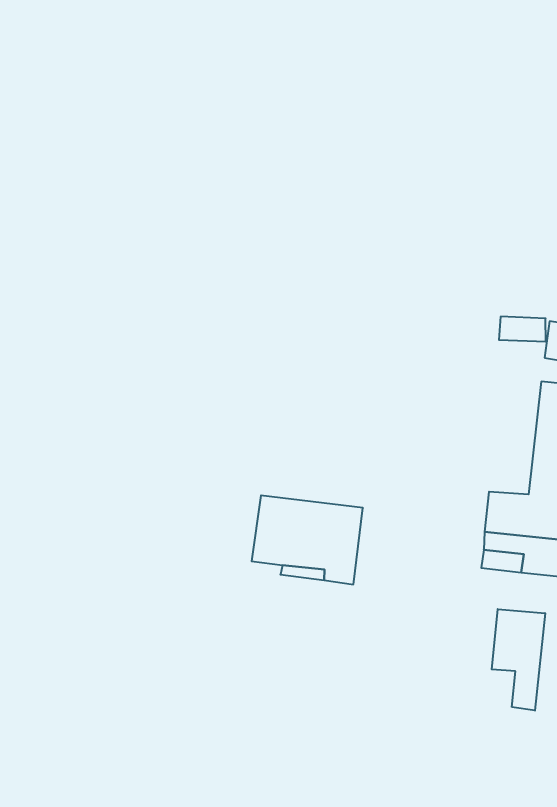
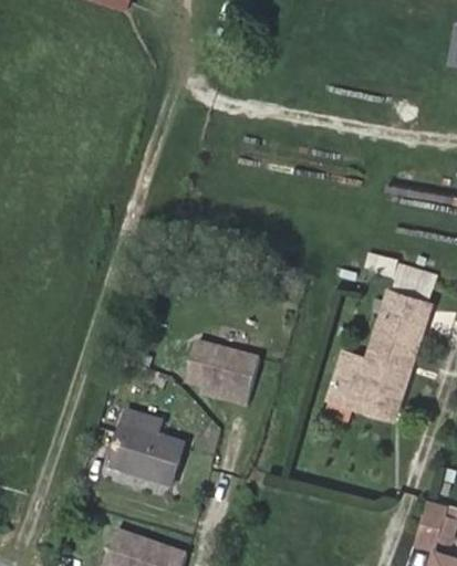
building: [492,609,545,711] -> none
building: none -> [111,411,186,485]

